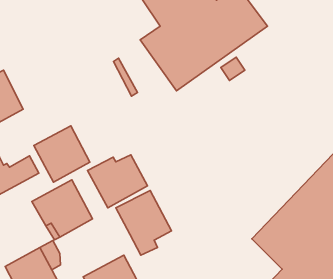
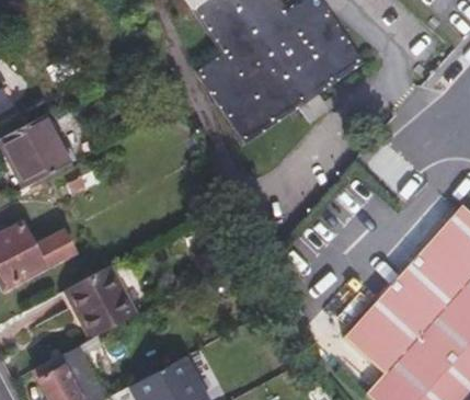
building: [34,126,90,182] -> none
building: [88,155,148,208] -> none
building: [116,191,172,255] -> none

